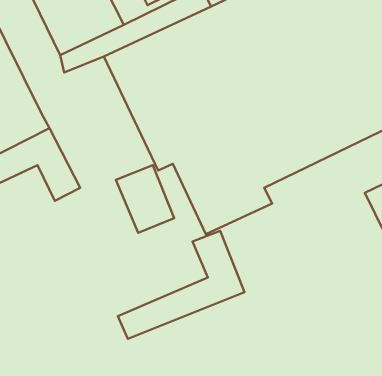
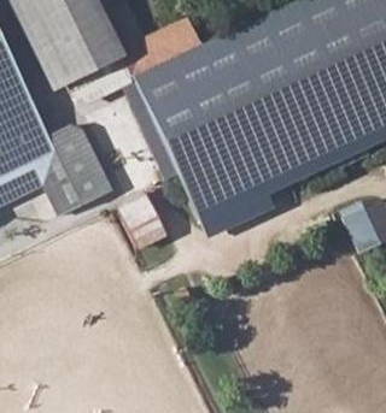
building: none -> [49,120,111,202]
building: [118,231,244,339] -> none

